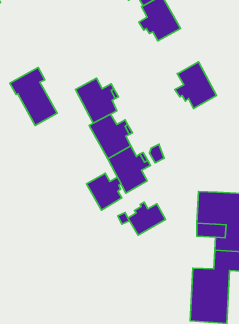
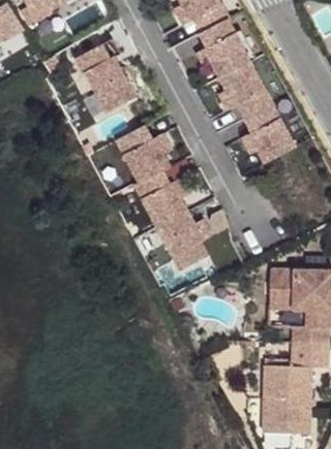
building: none -> [220,62,273,119]
building: [10,68,57,125] -> [74,38,134,111]
building: [87,173,122,210] -> none
building: [128,202,166,235] -> none

